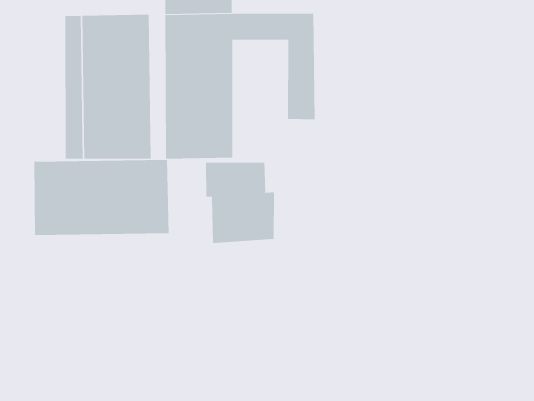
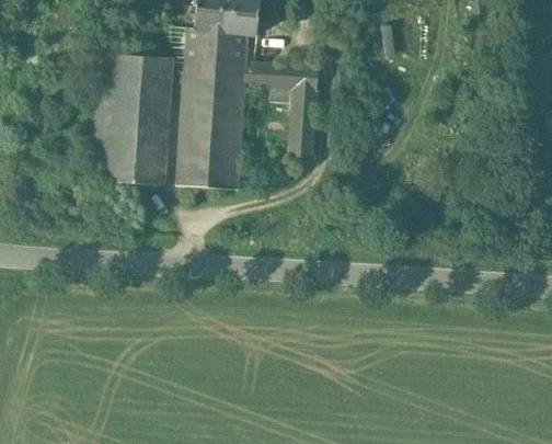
building: [34,159,169,236] -> none
building: [205,162,274,244] -> none

